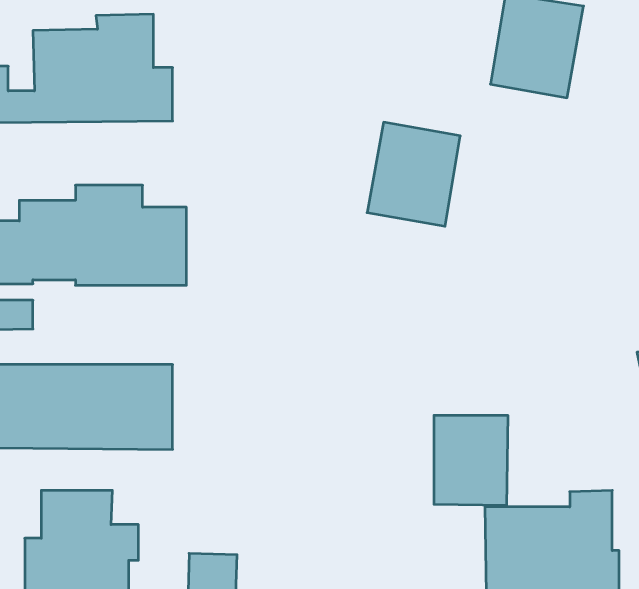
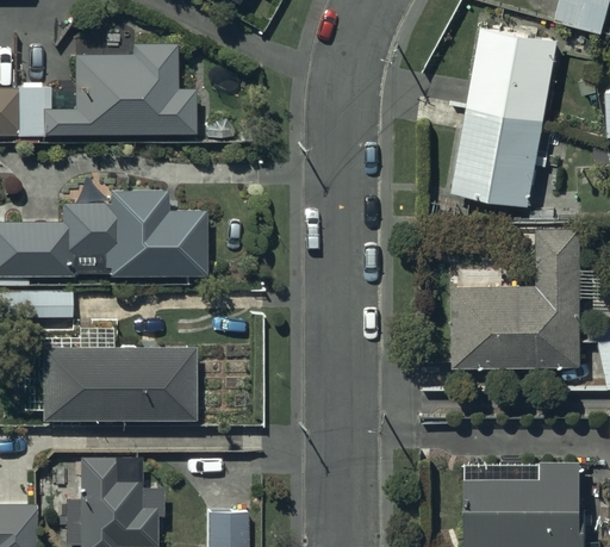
building: [367,122,460,226] -> [456,104,537,194]
building: none -> [455,224,577,358]
building: [434,415,508,506] -> none

